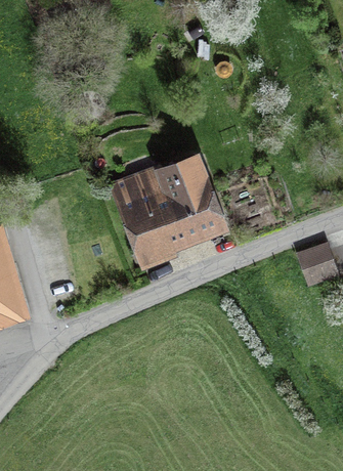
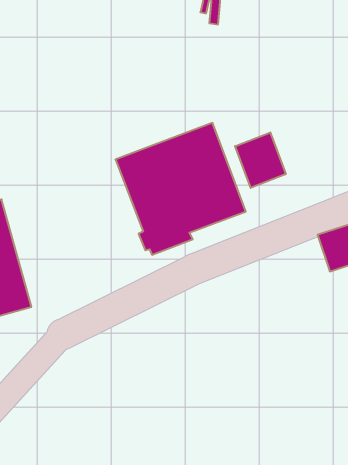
building: none -> [235,132,286,188]

